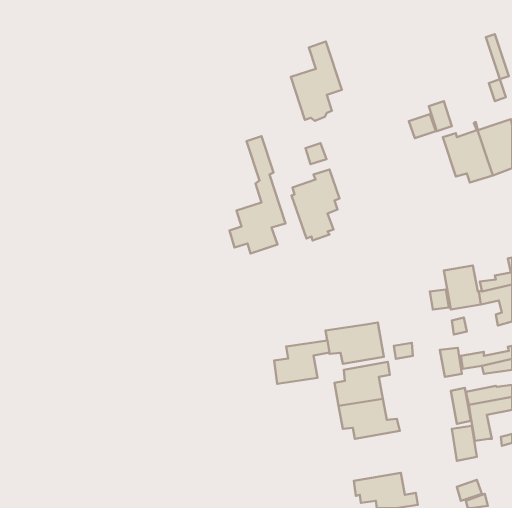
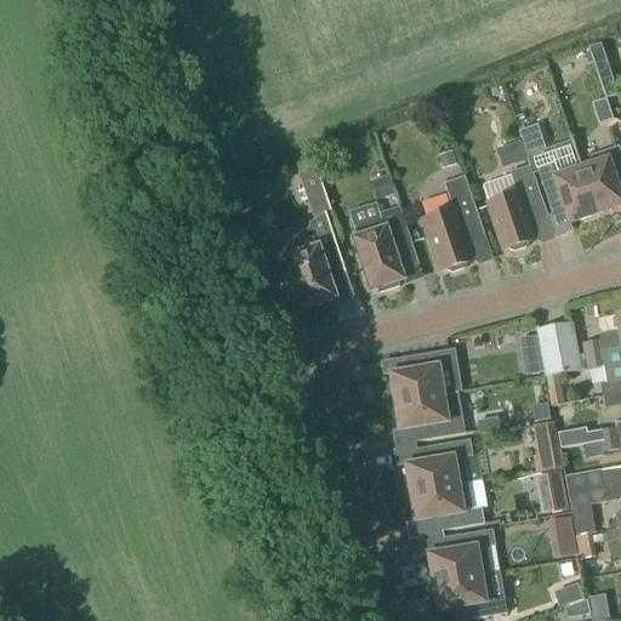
building: [291,42,342,121] -> [422,175,484,270]
building: none -> [486,164,547,249]
building: [274,341,329,384] -> [391,348,457,400]
building: none -> [425,528,495,582]

